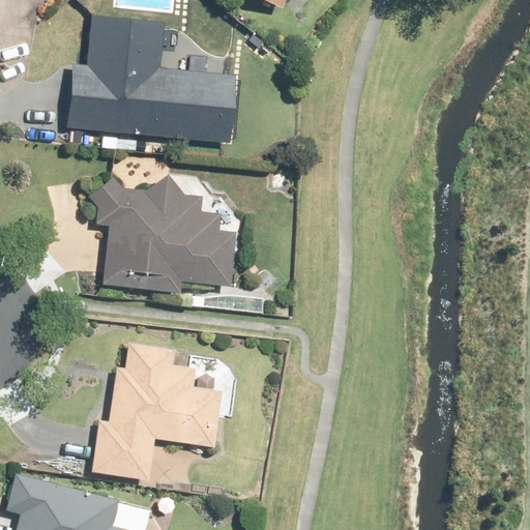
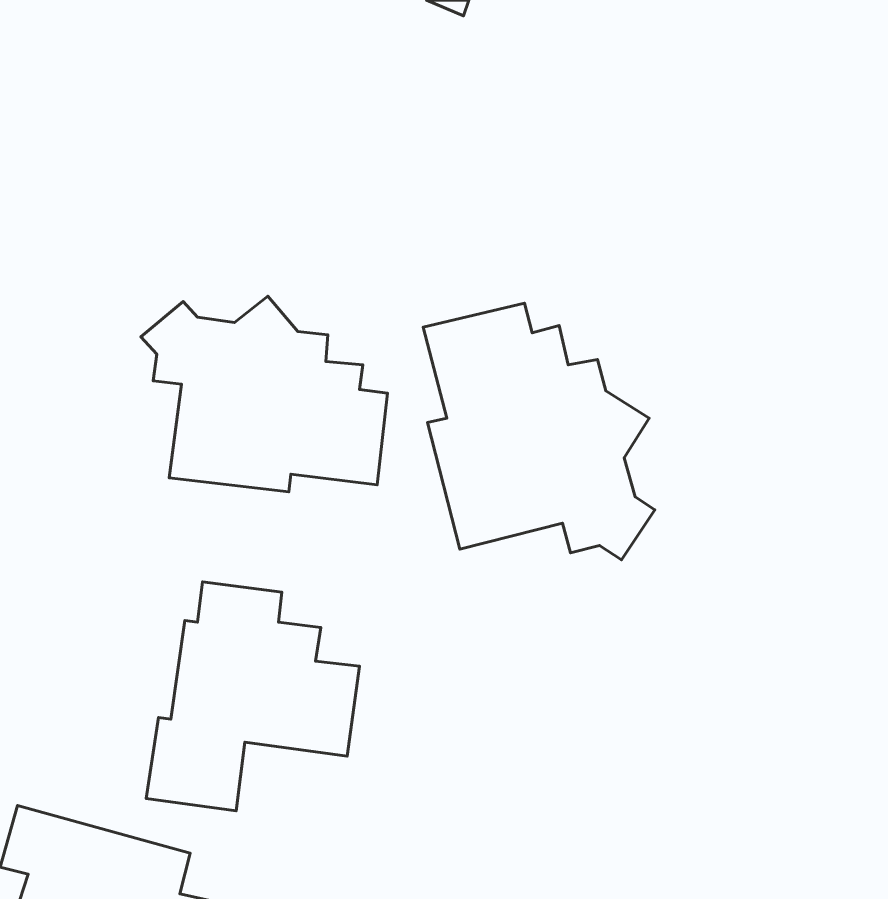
building: [65,17,240,142] -> none
building: none -> [423,303,655,560]

